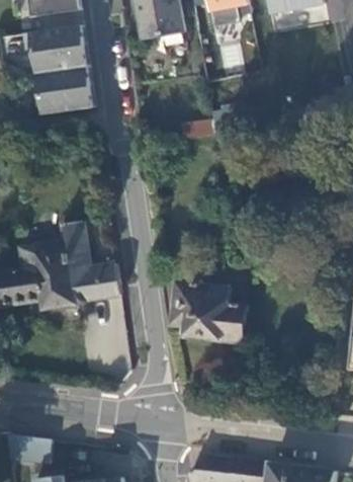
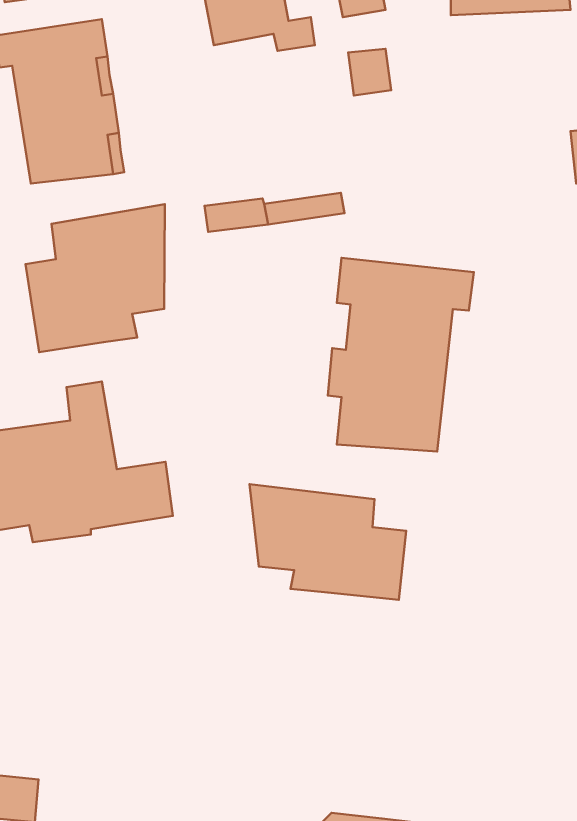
building: none -> [25,204,165,352]
building: none -> [328,258,474,451]

